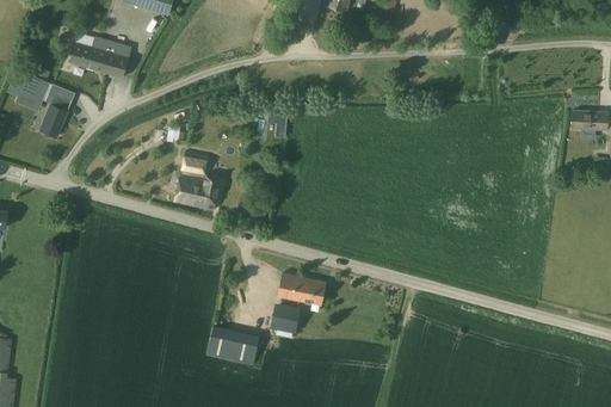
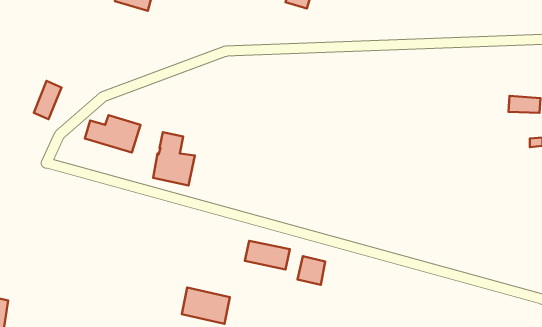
building: [68,36,130,78] -> [85,115,140,152]
building: [18,73,49,101] -> none
building: [269,301,300,333] -> [297,256,325,285]

